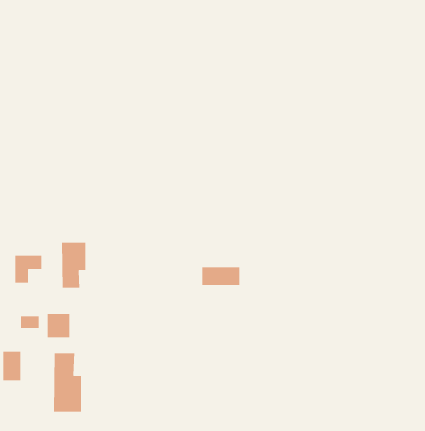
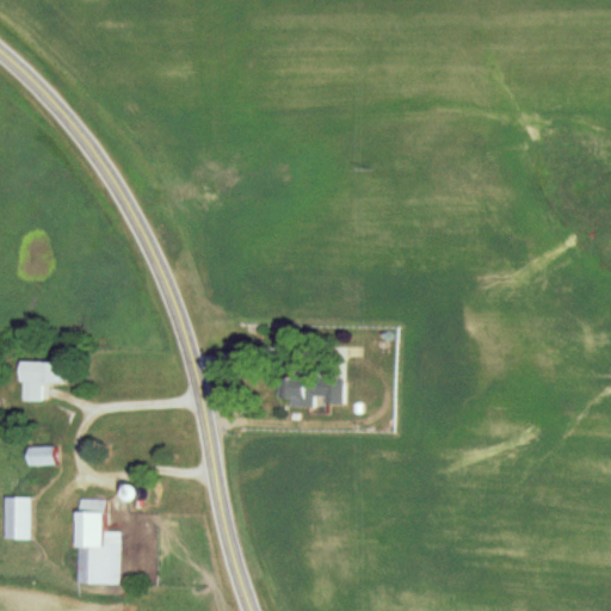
building: [61,242,86,289] -> none
building: [47,313,70,338] -> none

